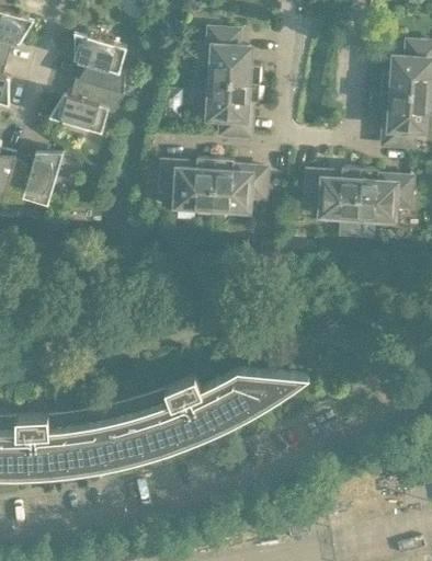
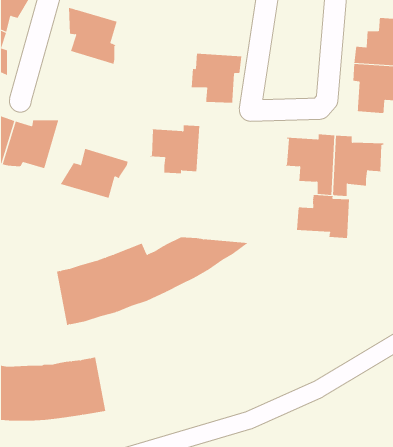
building: [200,31,261,87] -> none
building: [49,81,123,135] -> [60,148,129,198]
building: [212,161,268,216] -> none
building: none -> [295,194,350,239]
building: [103,371,309,467] -> [56,237,248,326]

